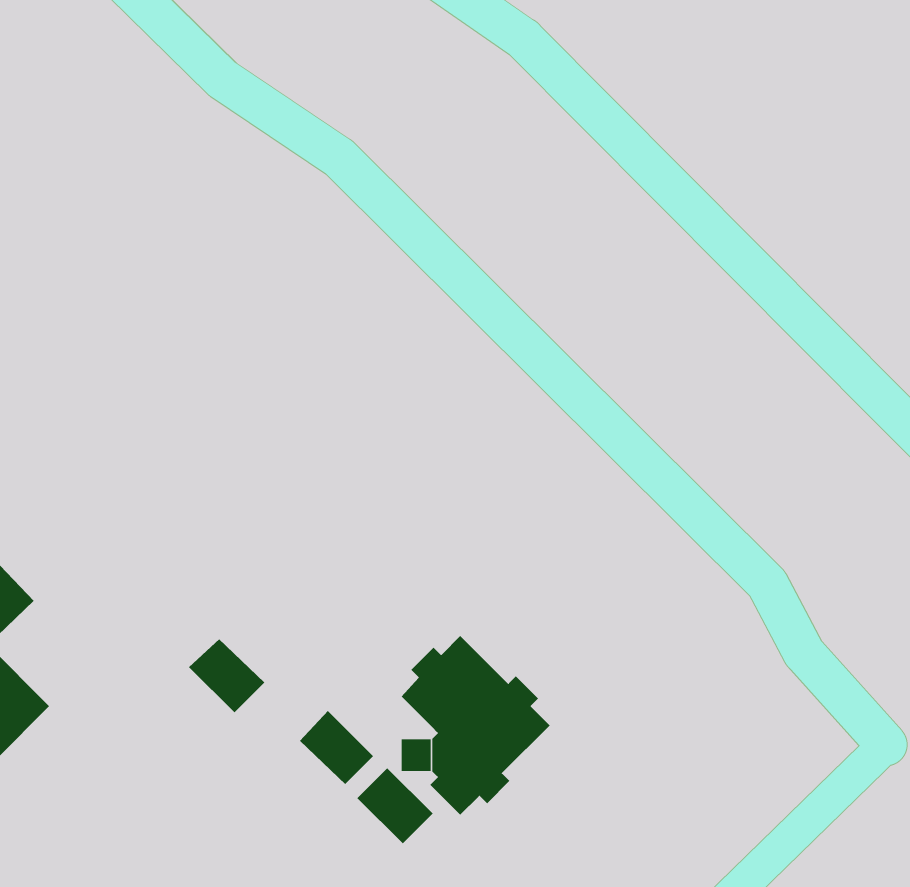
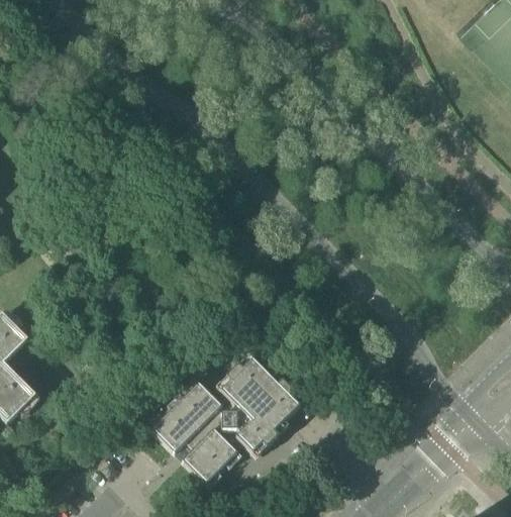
building: [188,638,265,713] -> [149,412,190,451]
building: none -> [181,380,221,420]
building: none -> [181,442,220,482]

